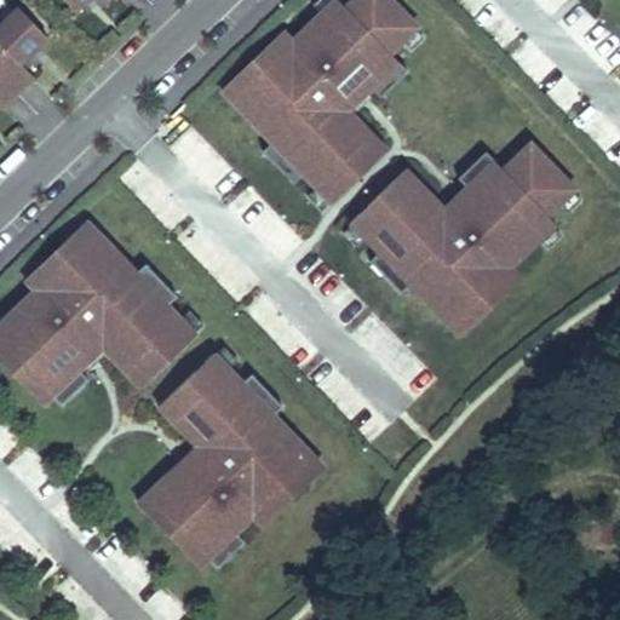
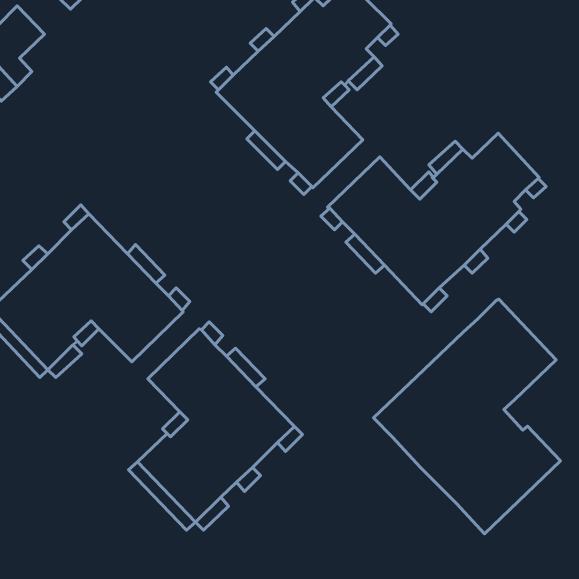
building: none -> [373,299,561,534]

